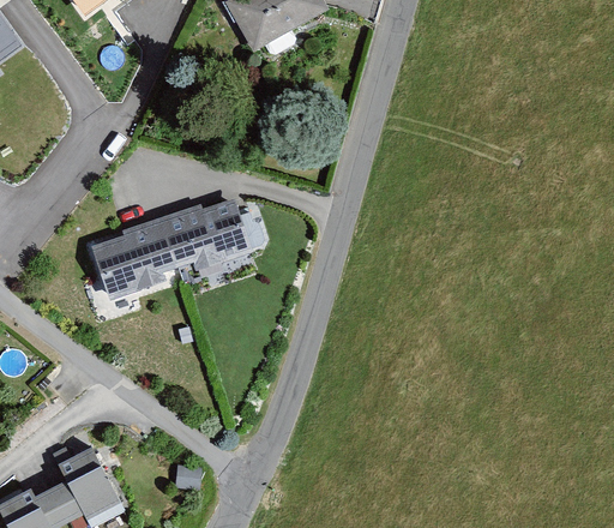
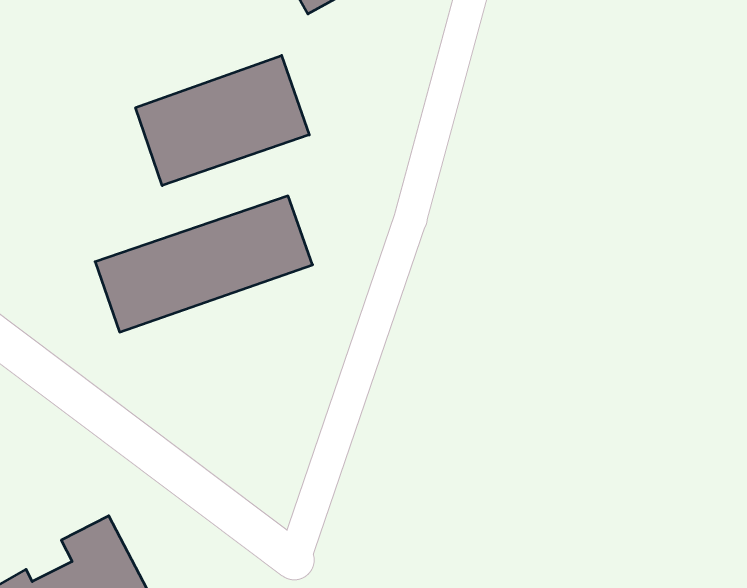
building: none -> [136,55,309,186]

